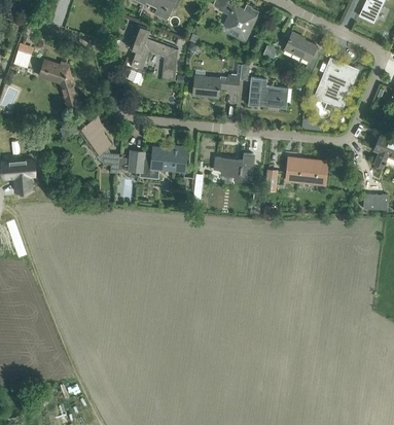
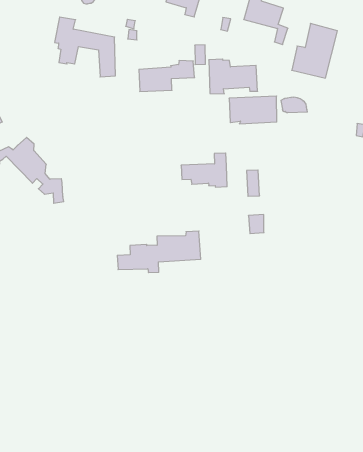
building: [118,147,187,176] -> [117,231,201,273]
building: [287,158,327,183] -> [229,96,277,124]

